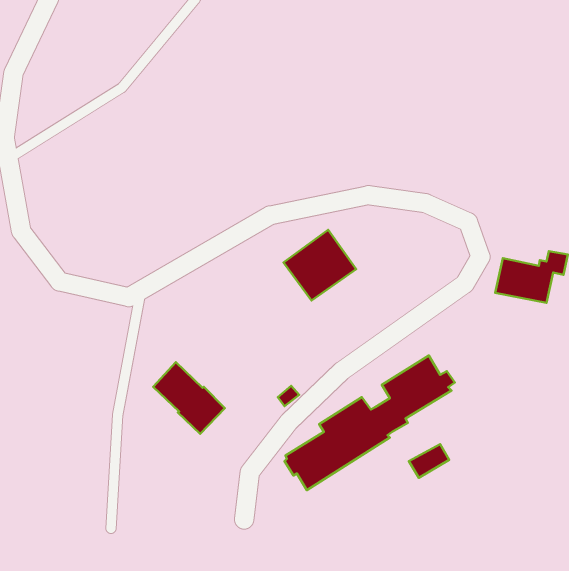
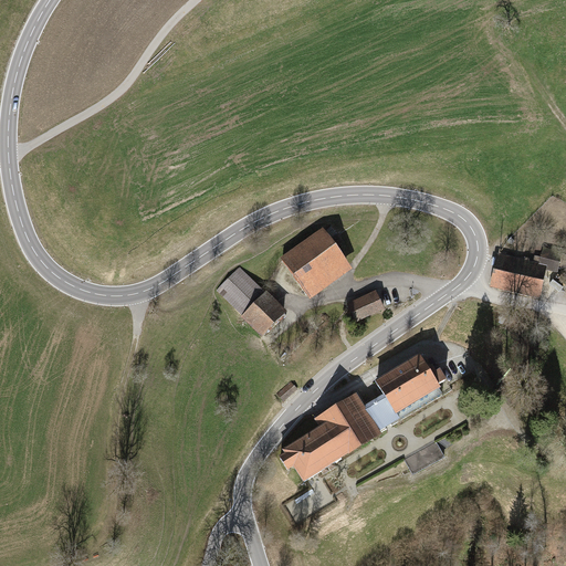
building: none -> [346,290,381,318]
building: [153,362,225,434] -> [217,265,287,336]

